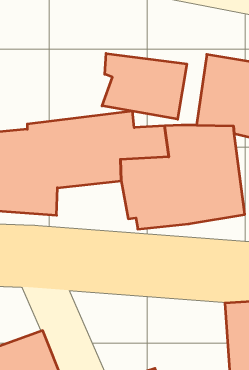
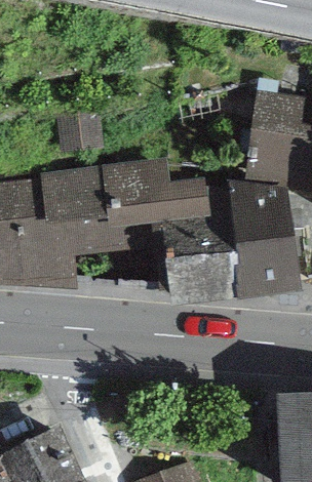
building: [102,53,187,119] -> none

